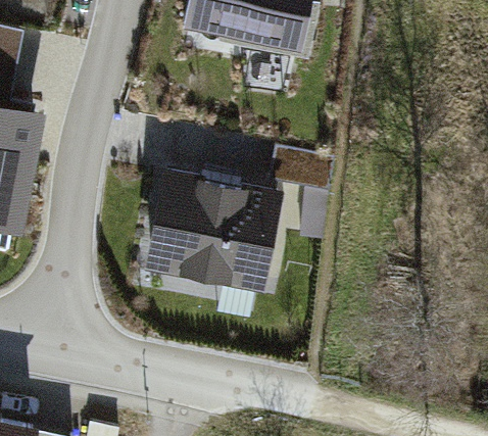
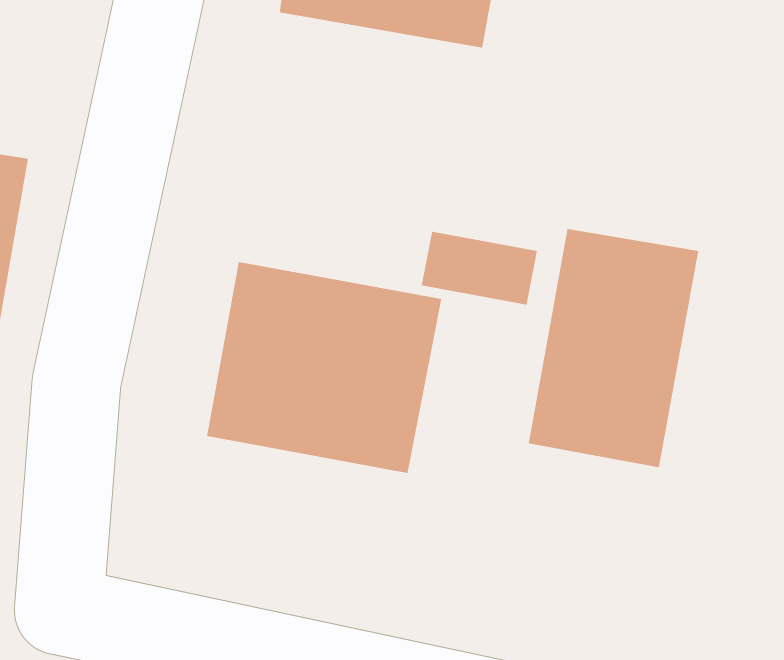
building: none -> [528,228,699,468]

